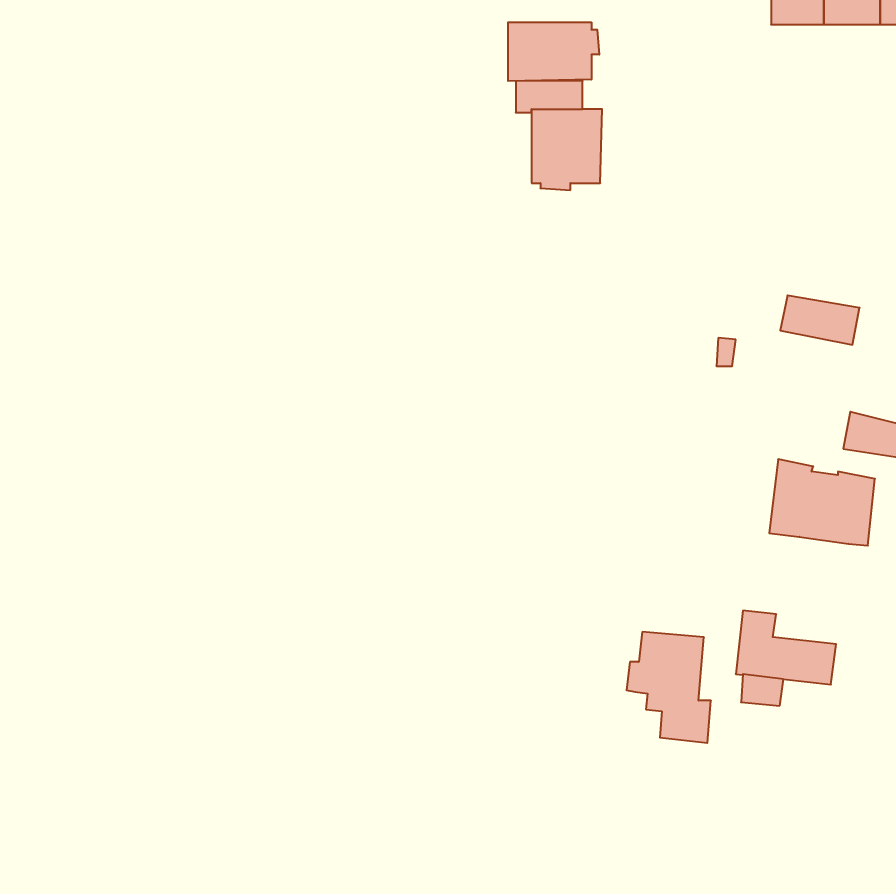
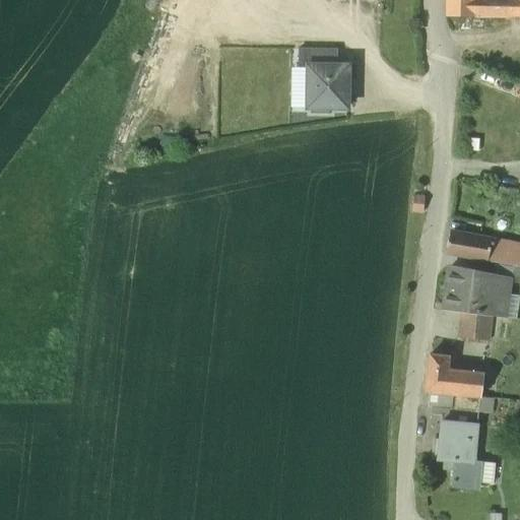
building: [508,22,599,81] -> none
building: [780,295,860,345] -> [447,231,493,259]
building: none -> [460,310,492,338]
building: [626,632,711,743] -> [434,419,482,483]

